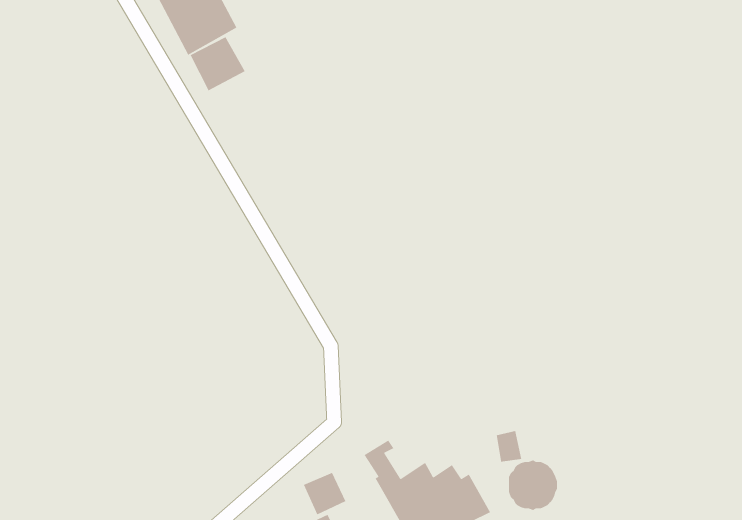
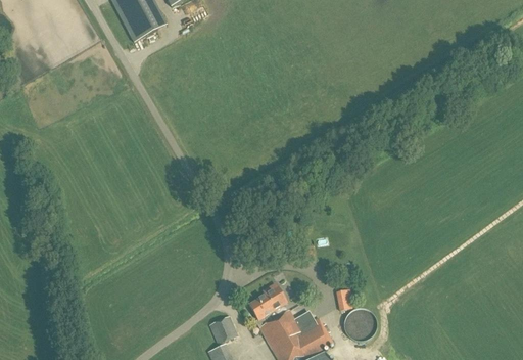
building: [190,36,246,91] -> none
building: none -> [263,283,288,320]

